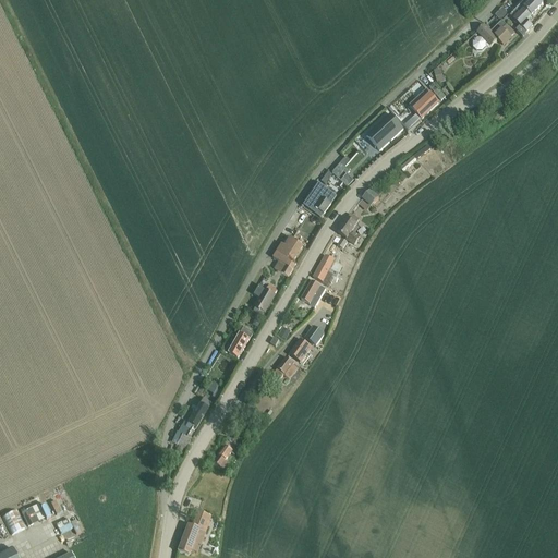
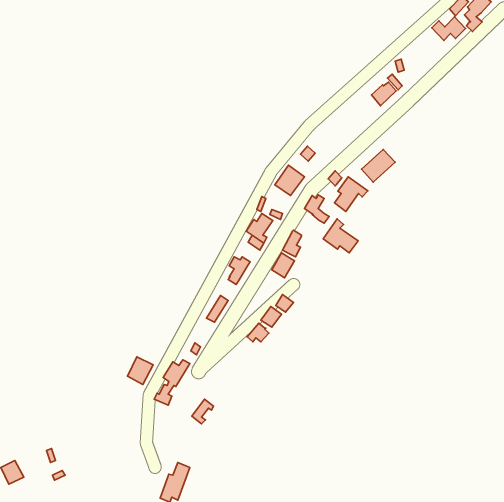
building: [365,113,402,149] -> [361,149,395,182]
building: none -> [334,177,368,211]
building: none -> [323,219,358,253]
building: none -> [127,357,153,384]

